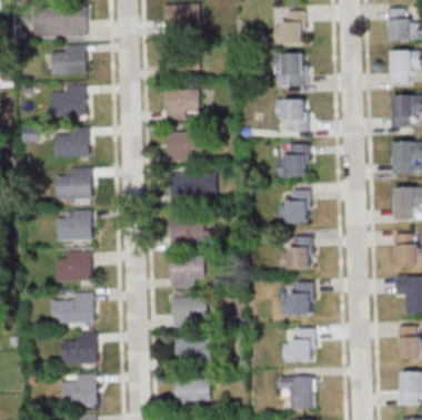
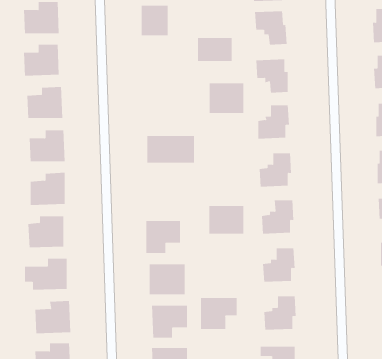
building: [164,90,199,113] -> [197,37,233,61]
building: [167,132,201,162] -> [209,83,244,114]
building: [170,217,204,245] -> [209,206,244,234]
building: none -> [201,297,237,330]

